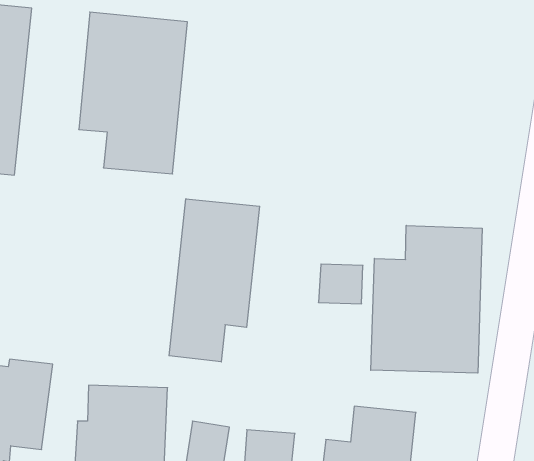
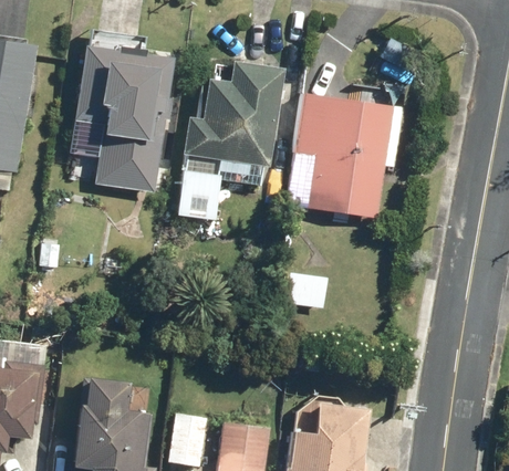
building: none -> [185,60,287,217]
building: none -> [294,94,391,221]
building: [169,199,260,362] -> none
building: [371,225,482,373] -> none

